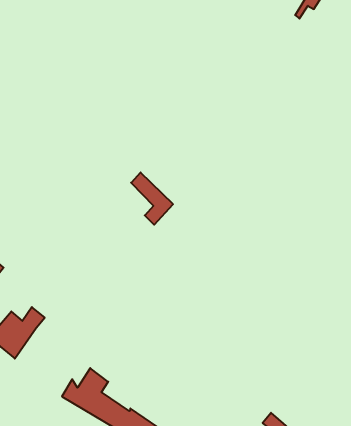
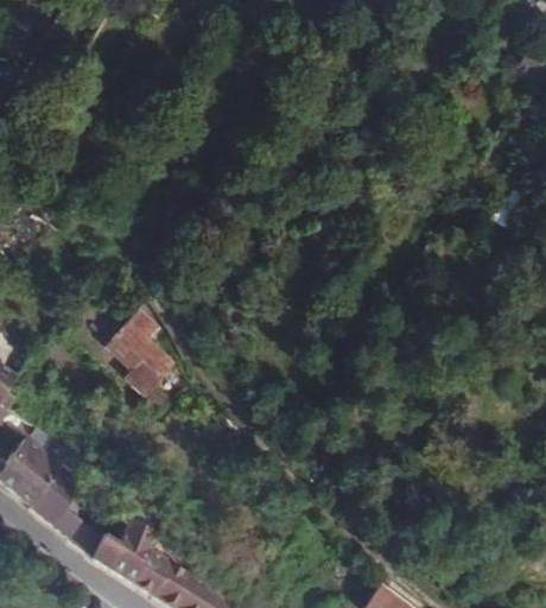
building: [131,172,173,225] -> [108,322,166,394]
building: none -> [28,462,100,553]

